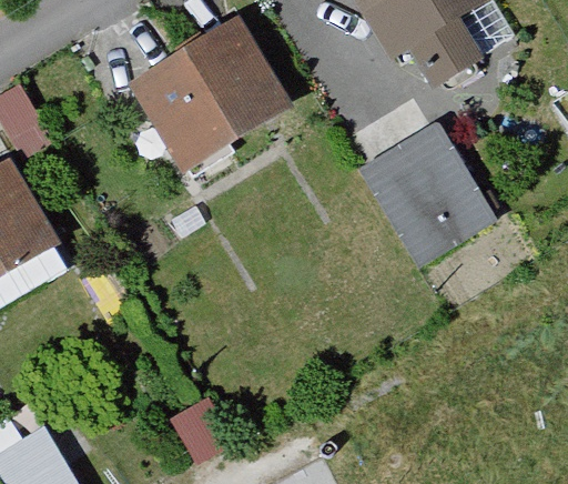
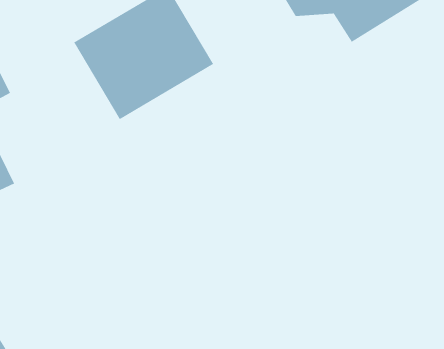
building: [361,127,496,272] -> none

